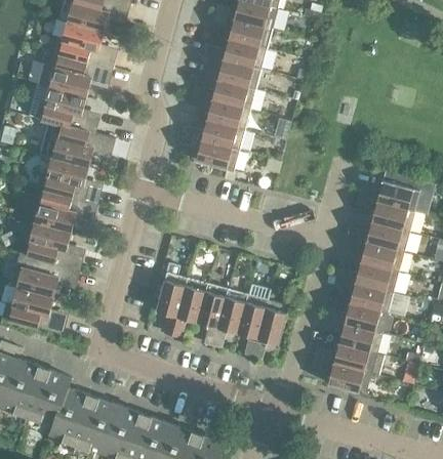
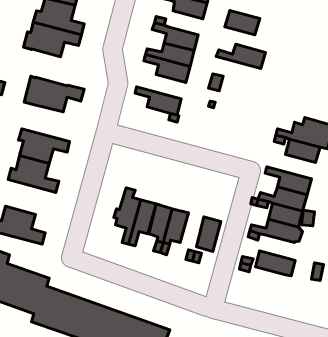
building: [222,38,266,69] -> [225,11,260,35]
building: [33,86,97,133] -> none
building: [182,119,244,150] -> [216,44,266,69]
building: [36,157,100,204] -> none
building: [347,220,408,251] -> none
building: [14,252,79,296] -> none
building: [237,284,270,337] -> none
building: [337,322,381,352] -> none
building: [326,363,370,393] -> none

